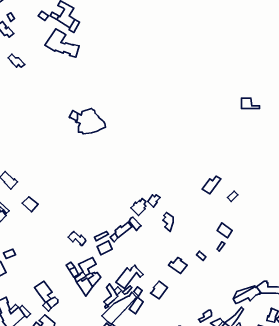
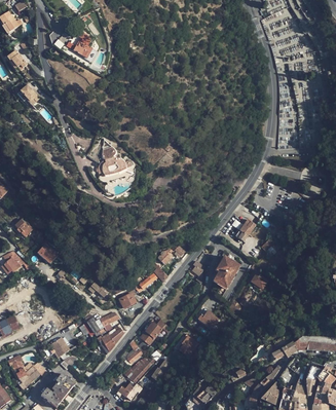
building: [45,29,79,57] -> none
building: none -> [214,251,240,288]

